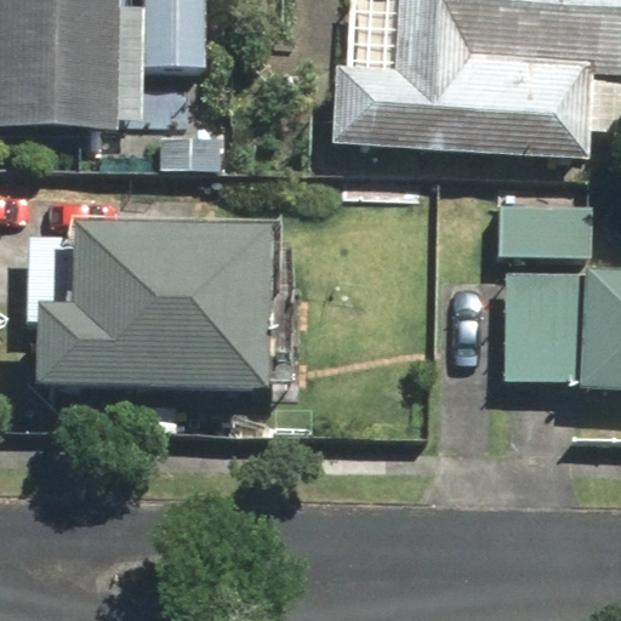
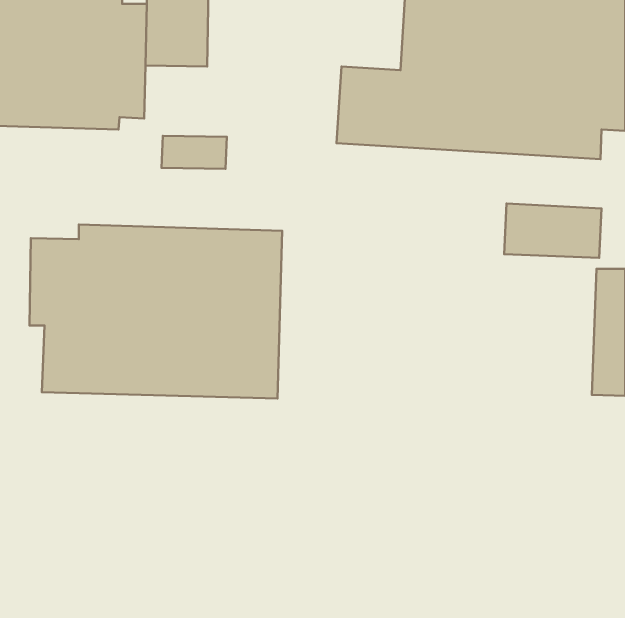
building: [500,268,582,378] -> none

